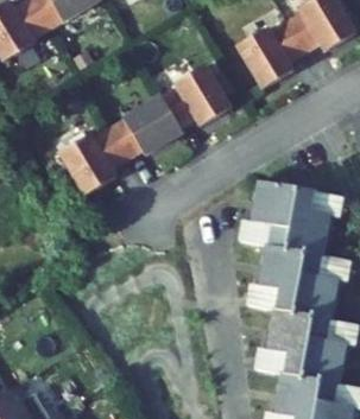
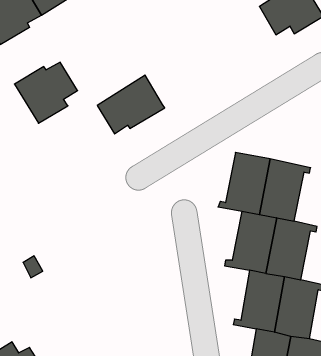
building: [235,20,303,88] -> none
building: [160,63,230,127] -> none
building: [58,128,127,195] -> [14,62,78,123]

